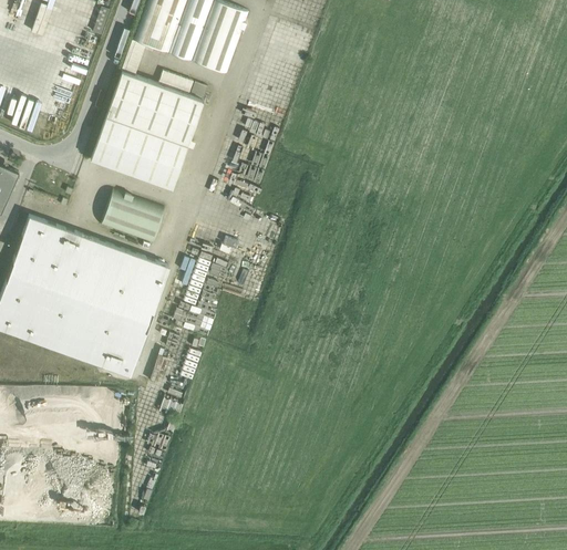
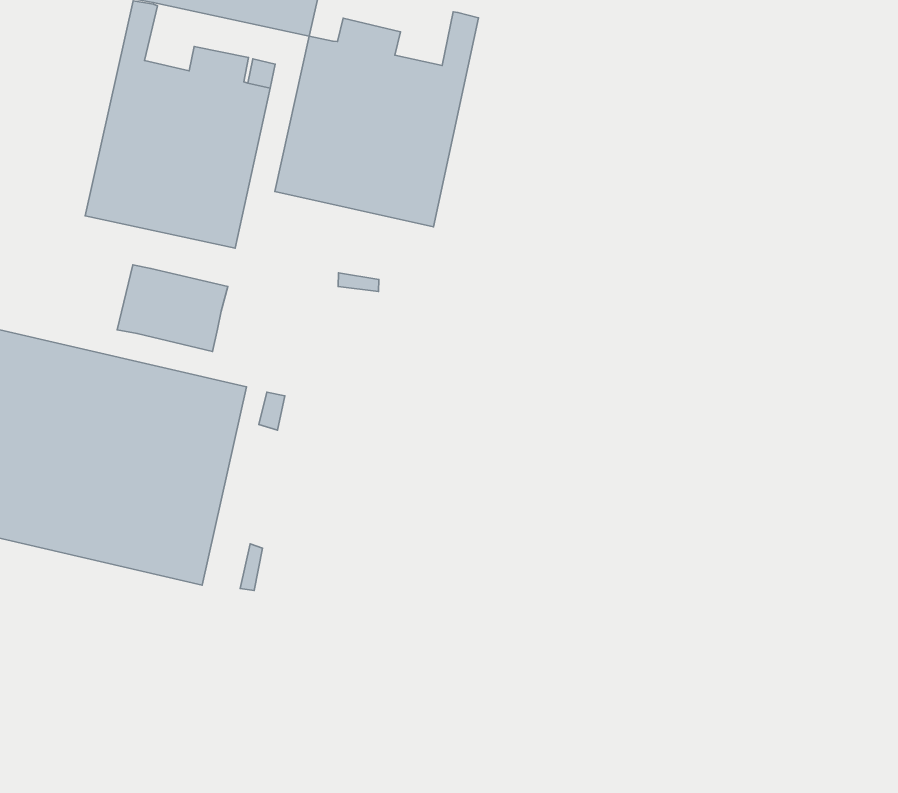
building: none -> [275,12,479,227]

